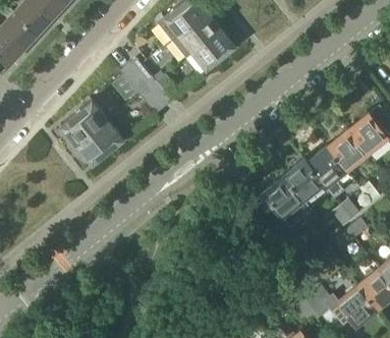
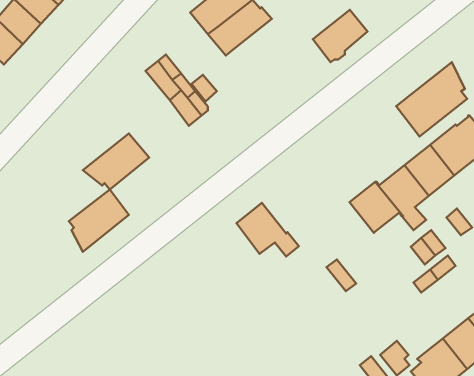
building: [191,30,235,71] -> [313,10,368,62]
building: none -> [396,62,467,137]
building: [59,101,107,151] -> [69,189,129,252]
building: [263,176,313,219] -> [236,203,299,256]

